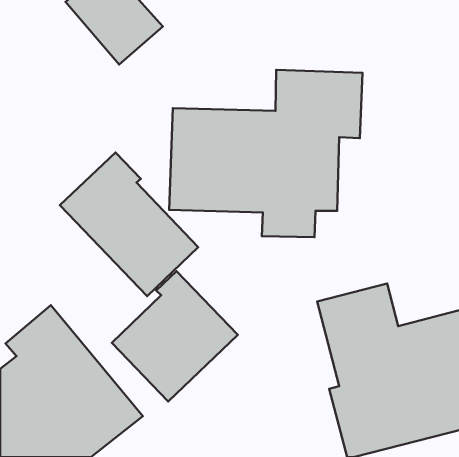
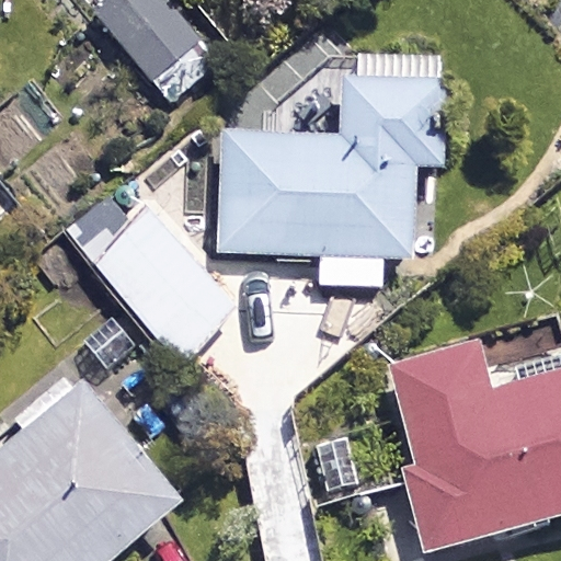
building: [112,271,238,402] -> none

